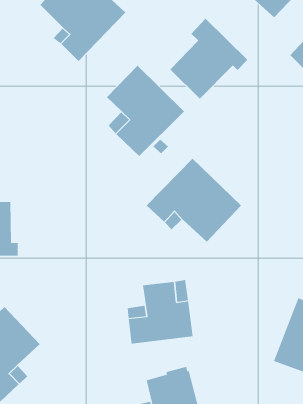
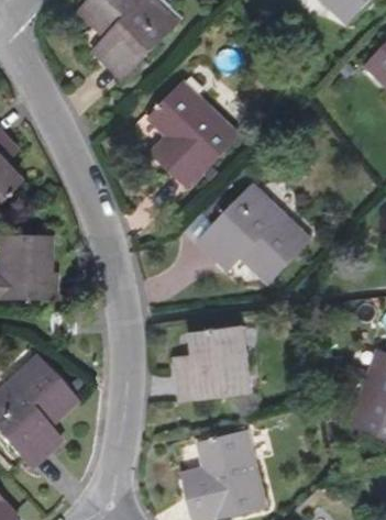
building: [170,18,248,100] -> none

